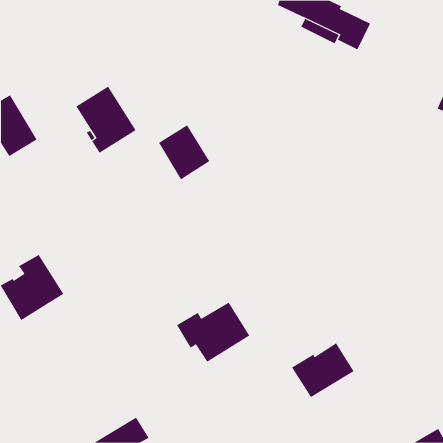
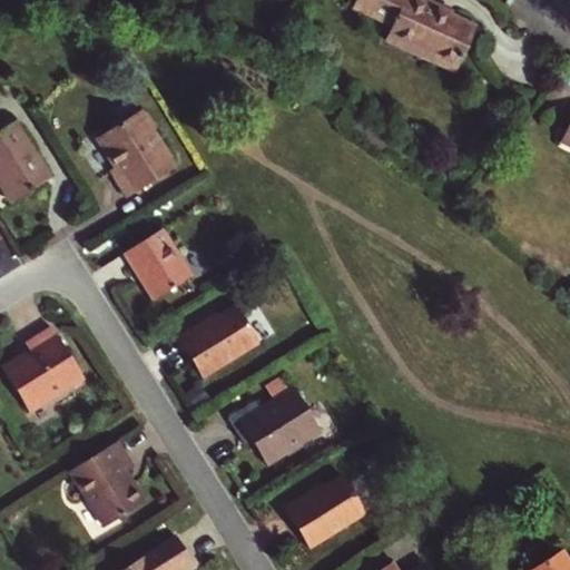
building: [158,125,210,180] -> [125,228,191,299]
building: none -> [177,305,259,377]
building: [291,343,355,398] -> [284,475,365,547]
building: none -> [69,441,145,527]

